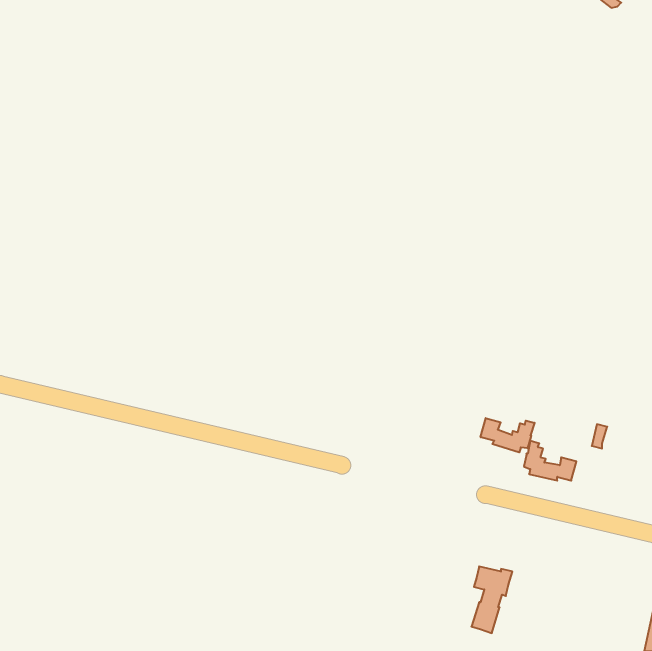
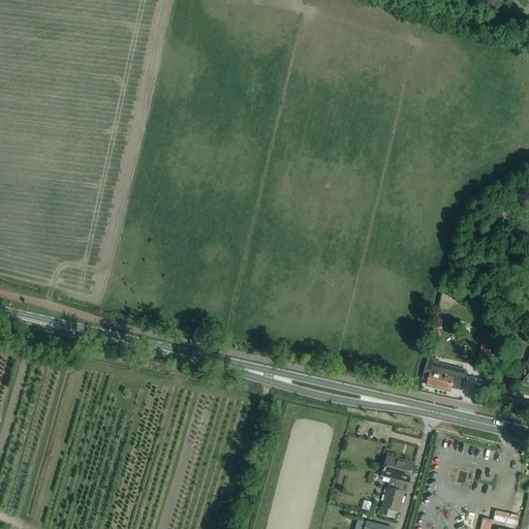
building: [481,418,535,452] -> none

